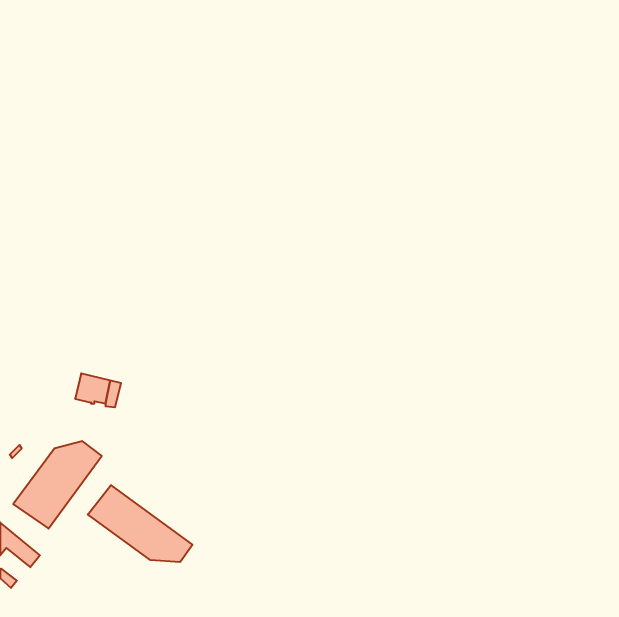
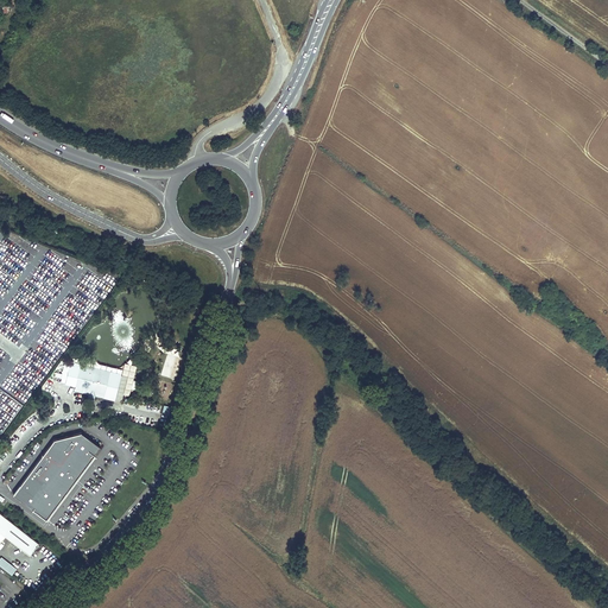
building: [88,485,192,562] -> none

